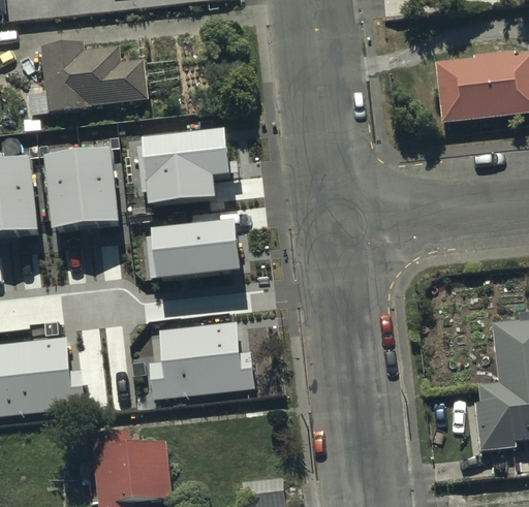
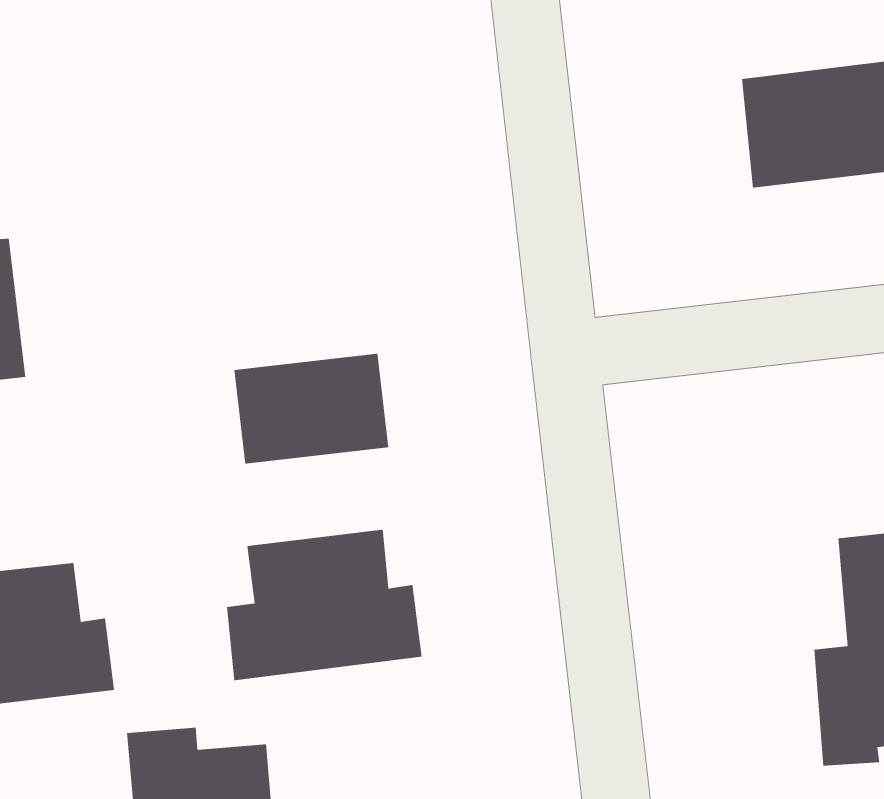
building: [29,40,152,113] -> none
building: [141,126,230,207] -> none
building: [44,145,119,230] -> none

